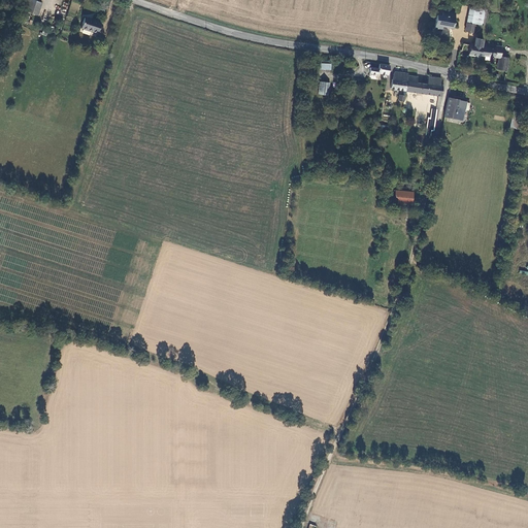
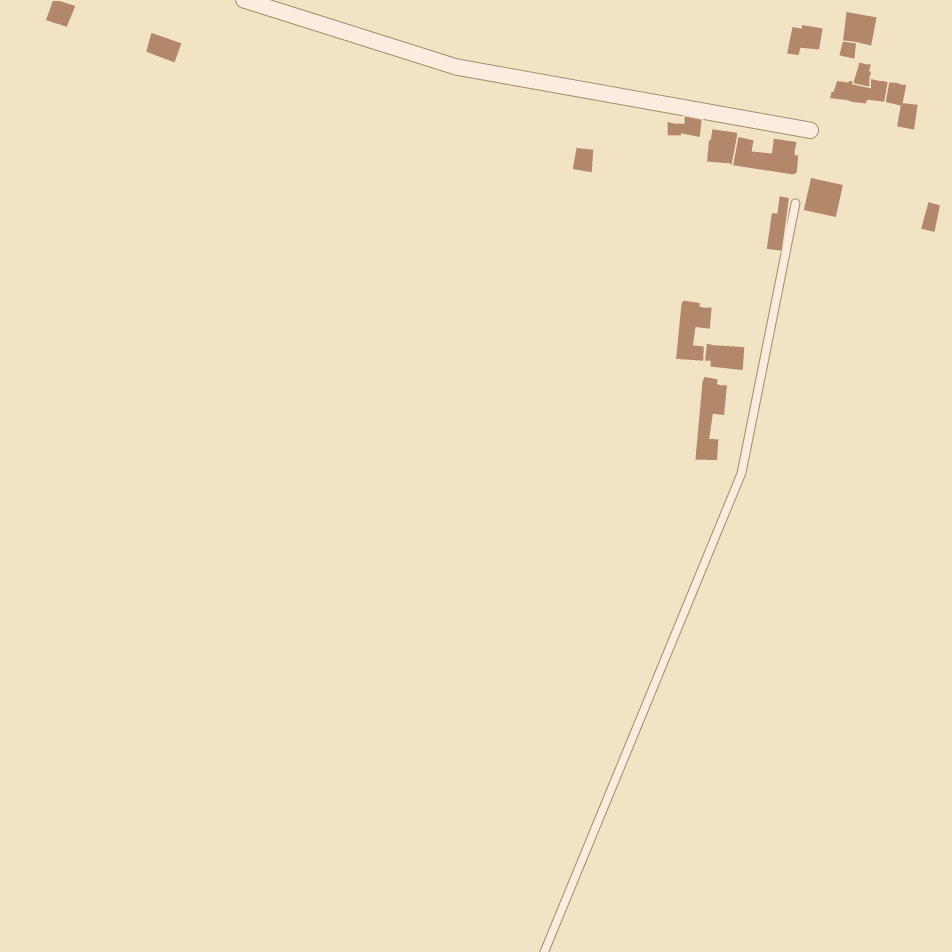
building: none -> [675,300,713,361]
building: none -> [694,376,728,461]

